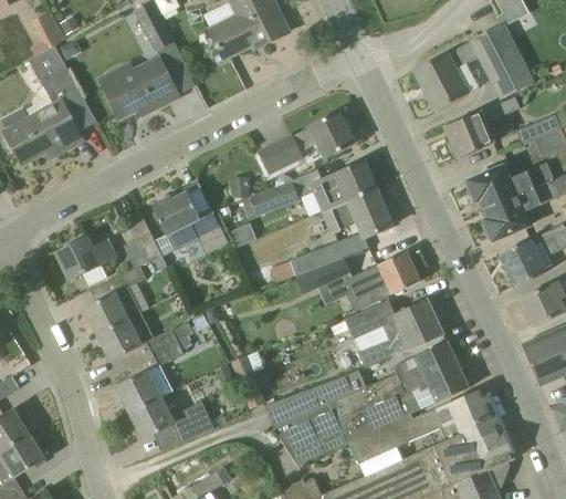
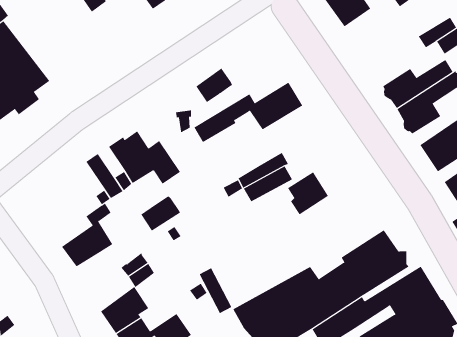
building: [103,58,179,118] -> none
building: [444,96,521,158] -> none
building: [292,112,354,158] -> none
building: [326,190,391,238] -> none
building: [55,237,116,285] -> none
building: [377,251,419,295] -> none
building: none -> [141,195,180,231]
building: [345,299,444,367] -> none
building: [96,320,142,361] -> none

